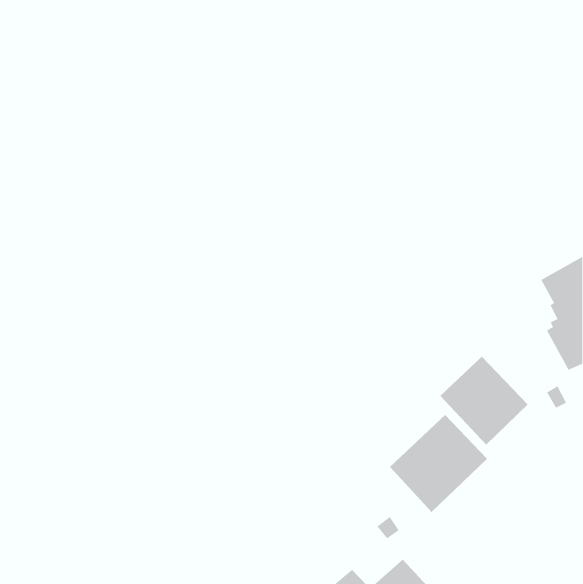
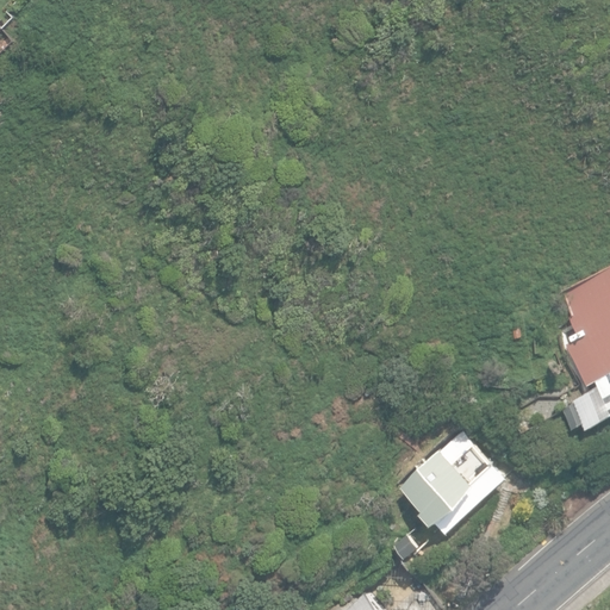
building: [440,356,528,445] -> none

